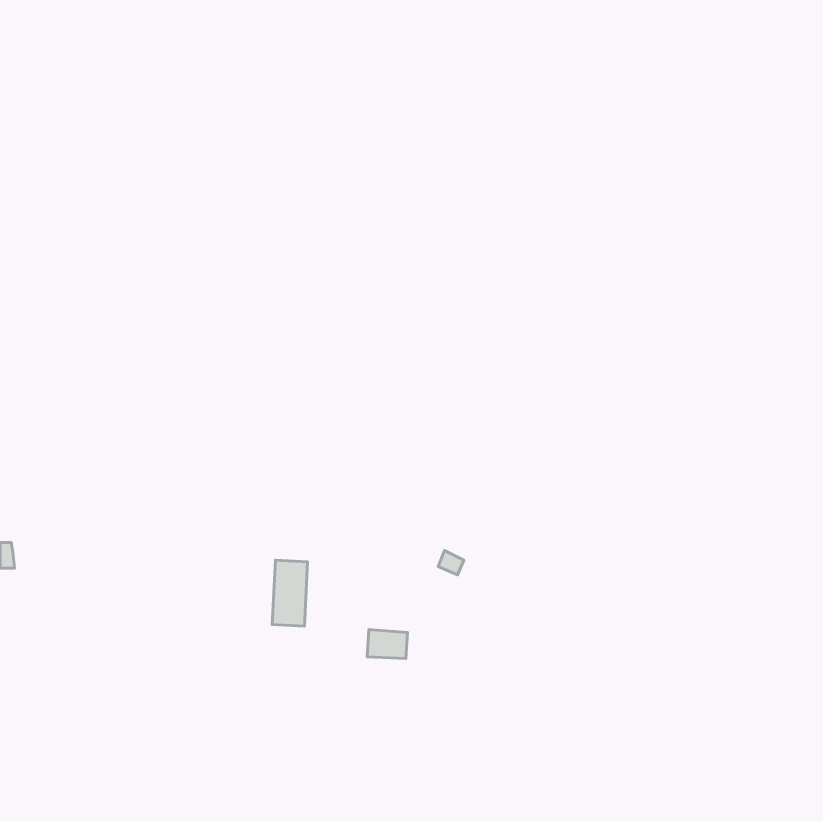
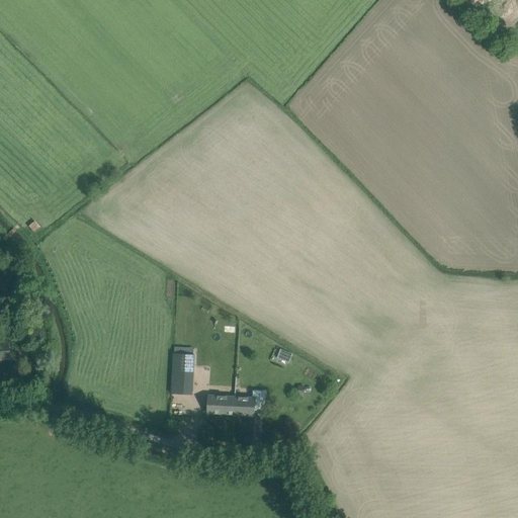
building: none -> [207,395,232,413]

